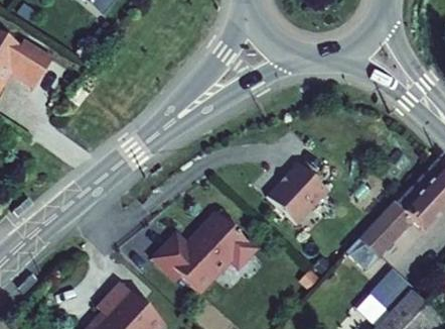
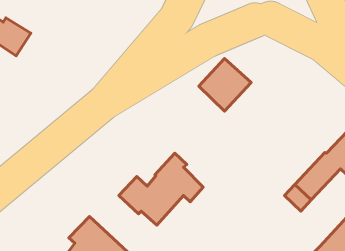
building: [267,158,328,220] -> [199,58,251,111]
building: [367,267,412,313] -> none

